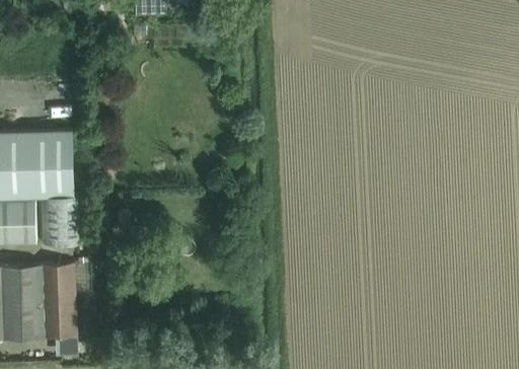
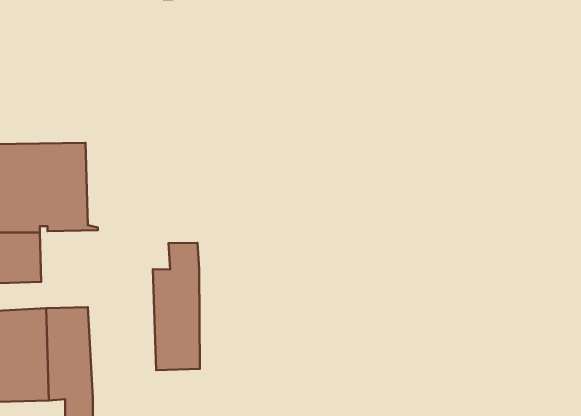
building: [41,203,82,248] -> none
building: none -> [153,243,200,370]

